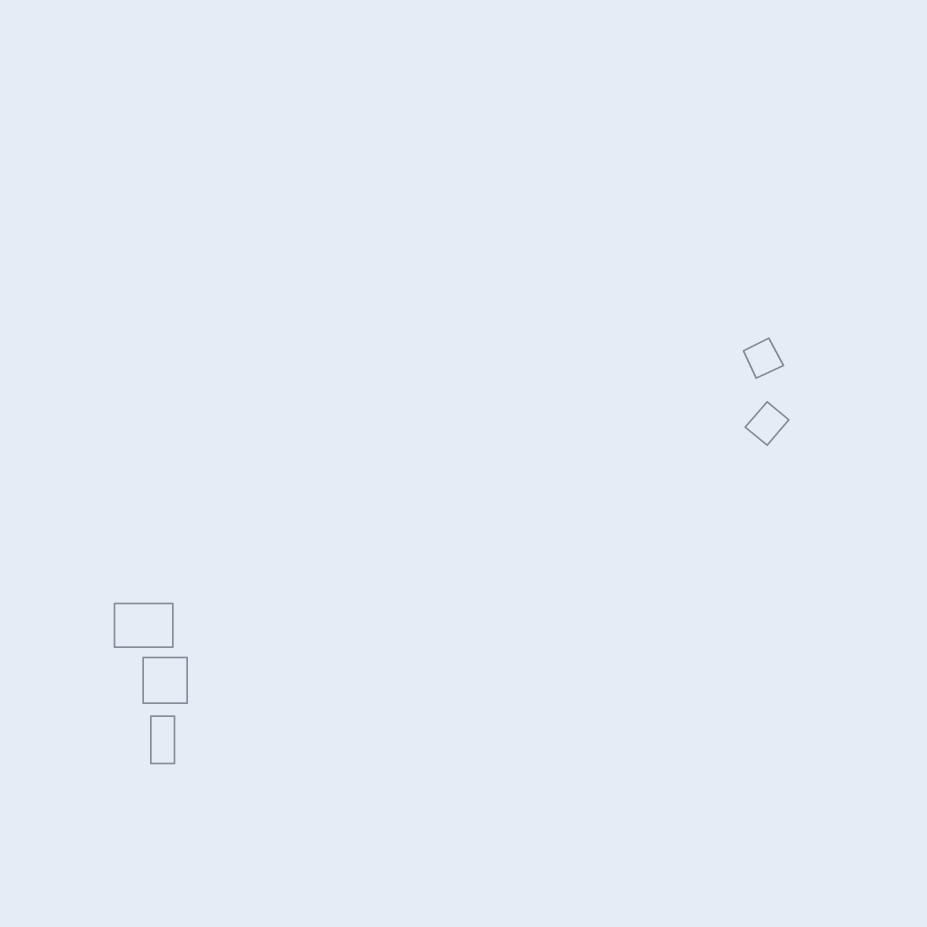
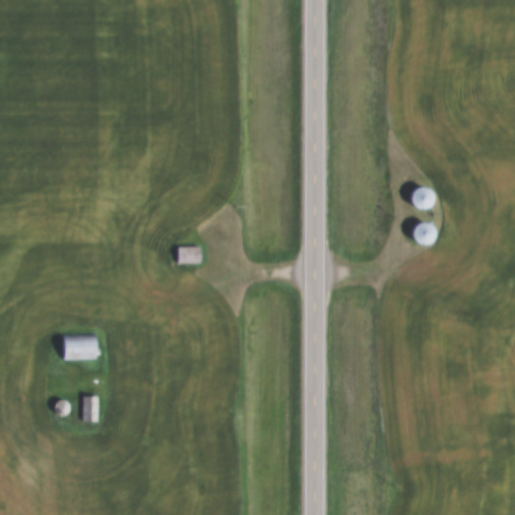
building: none -> [177,247,201,264]
building: [143,658,187,703] -> none

